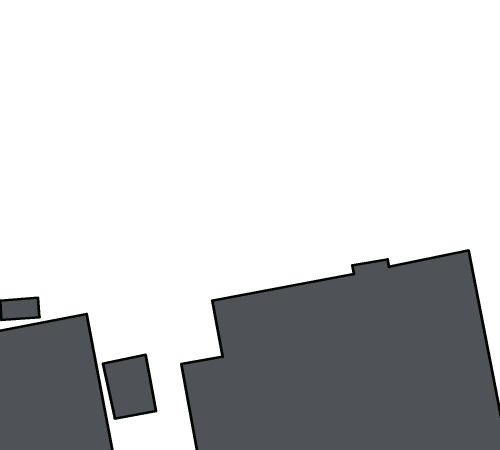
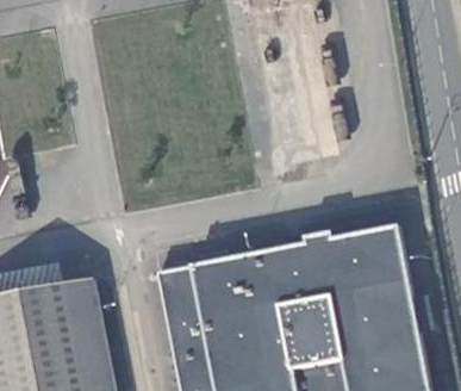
building: [103,355,156,418] -> [157,267,200,318]

